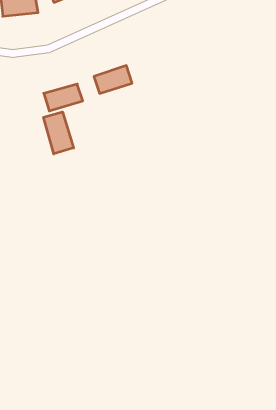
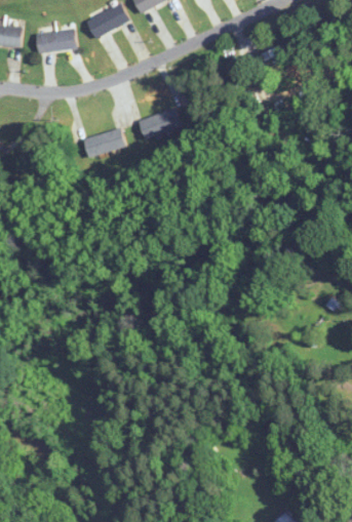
building: [44,112,74,154] -> none

